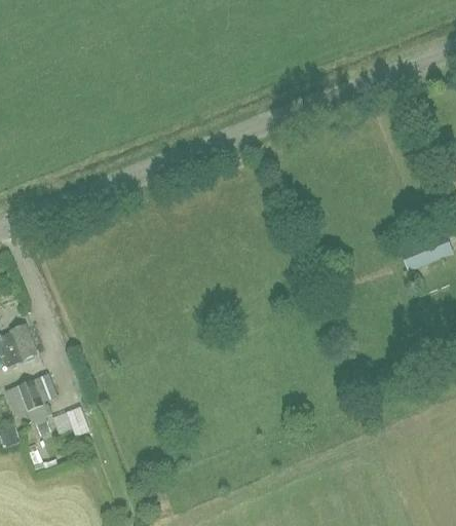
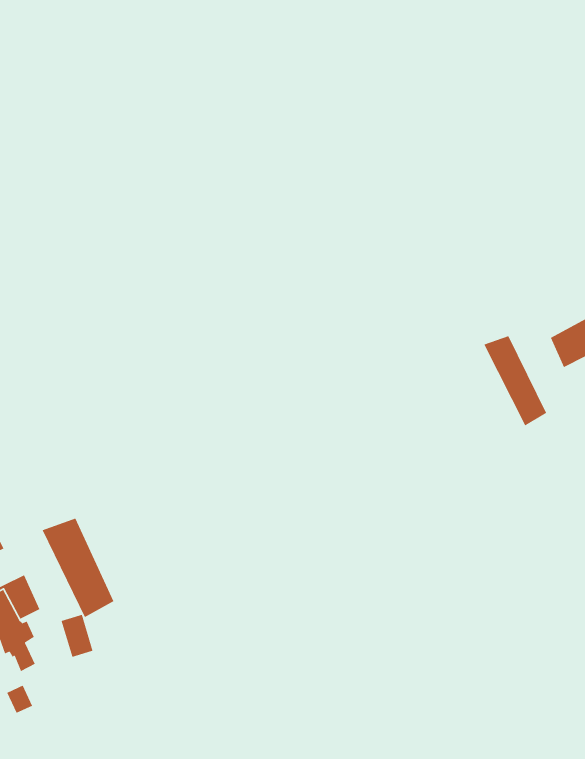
building: none -> [483,335,547,426]
building: none -> [42,518,114,618]

